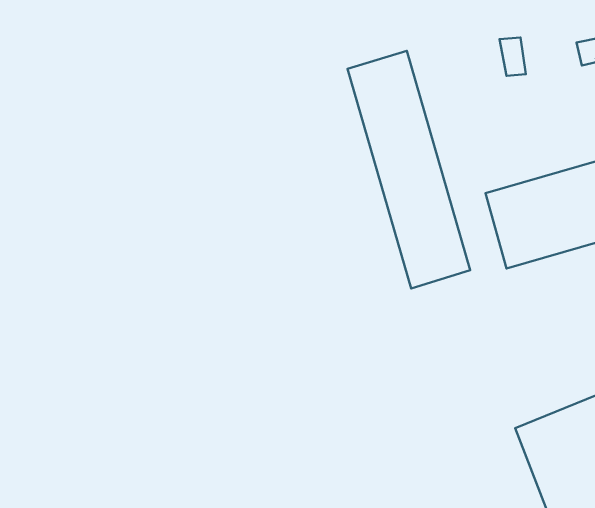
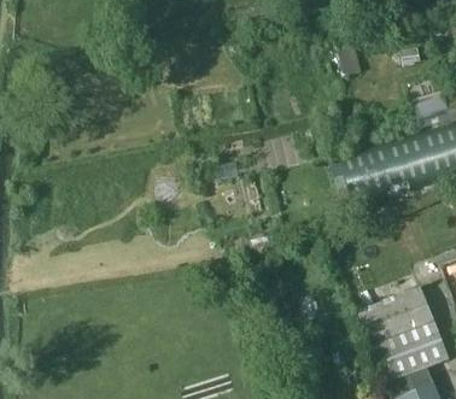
building: [347,51,470,288] -> none

